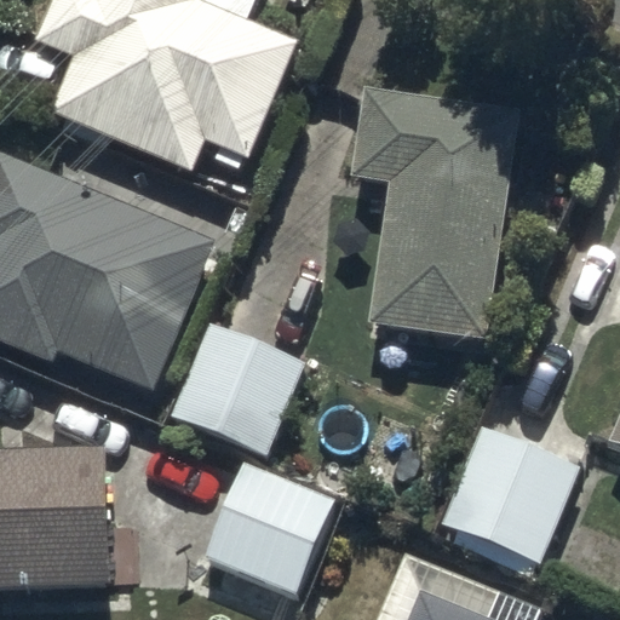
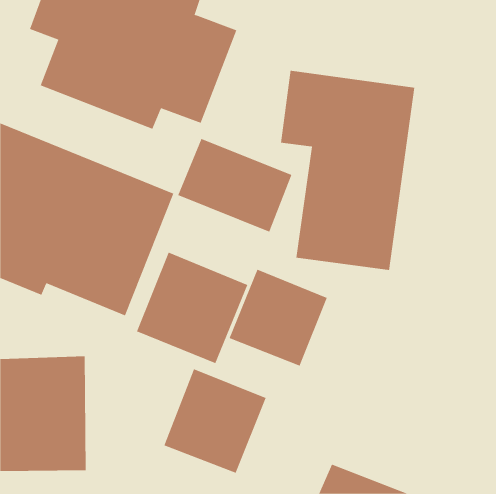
building: none -> [177,138,292,233]
building: none -> [229,269,327,367]
building: [447,444,585,584] -> none

